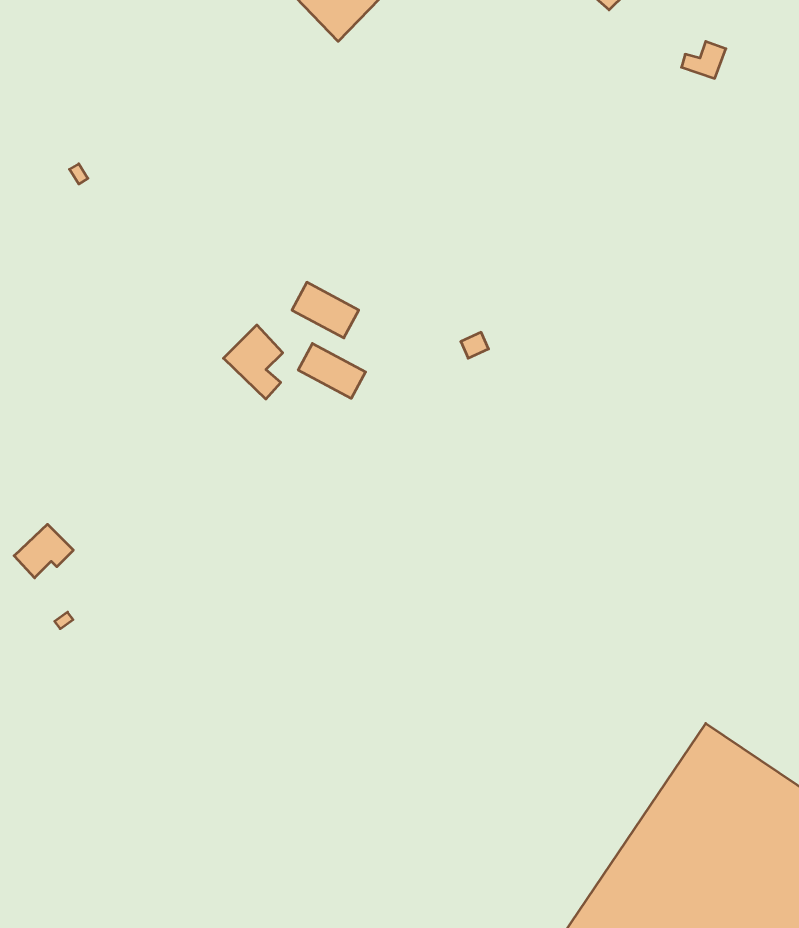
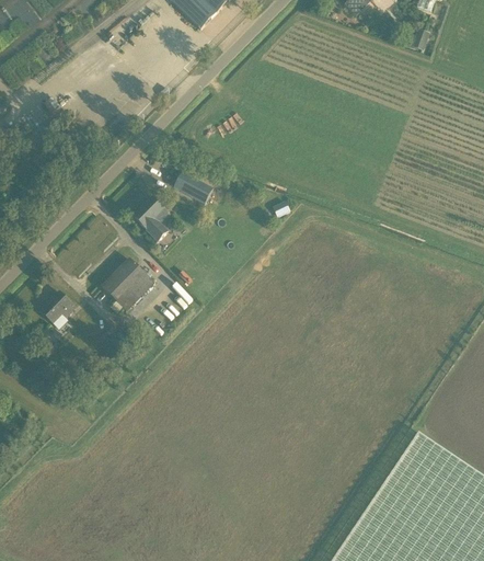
building: [298,343,366,398] -> none
building: none -> [102,261,154,312]
building: [14,524,73,578] -> [41,294,76,325]

